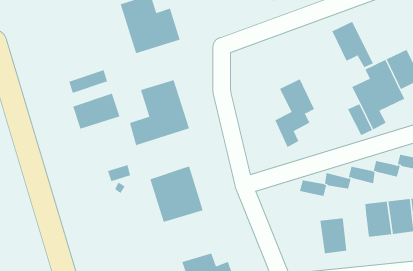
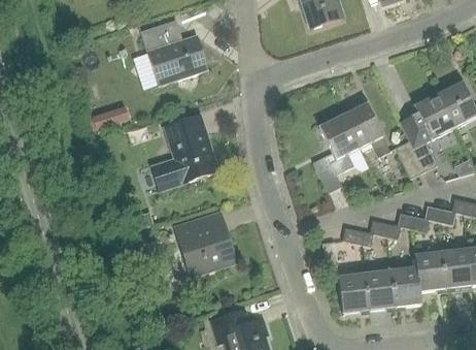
building: [331,21,374,68] -> [343,103,390,156]
building: [72,93,120,129] -> none
building: none -> [392,267,421,308]
building: none -> [338,274,370,314]

